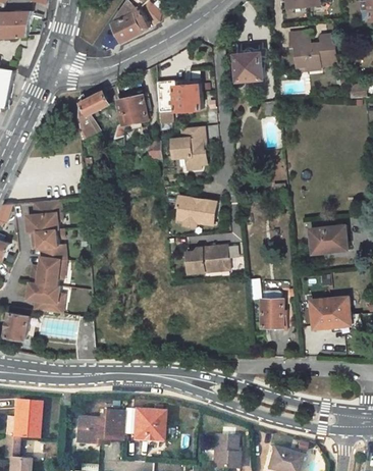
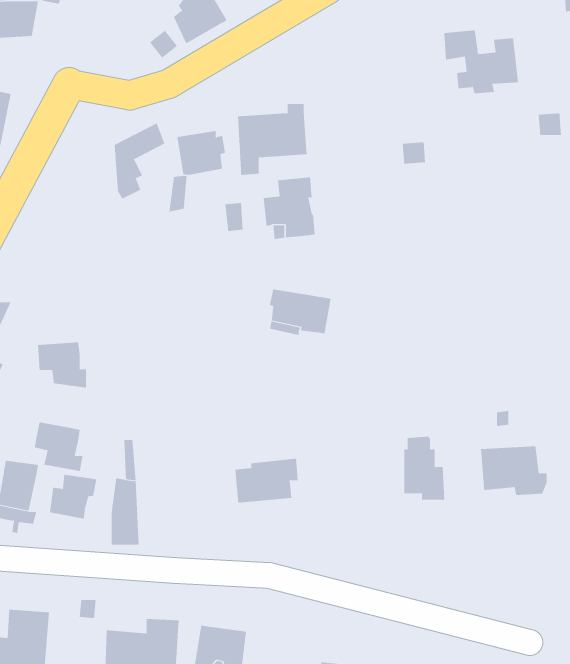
building: [236,53,265,81] -> none
building: [26,201,61,231] -> none
building: [311,225,348,253] -> none
building: [186,245,227,273] -> [234,458,298,503]
building: [31,256,61,284] -> [49,474,97,519]

